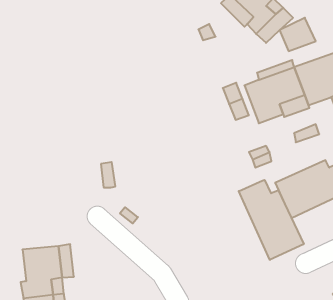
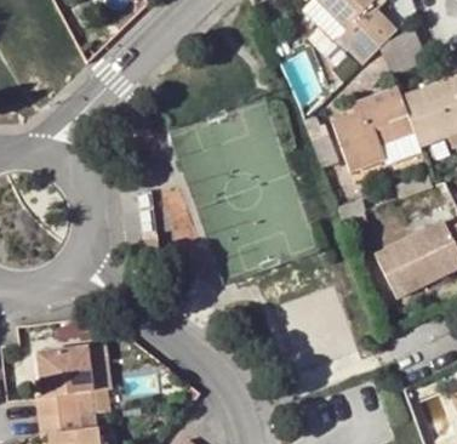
building: [239,180,304,260] -> none

